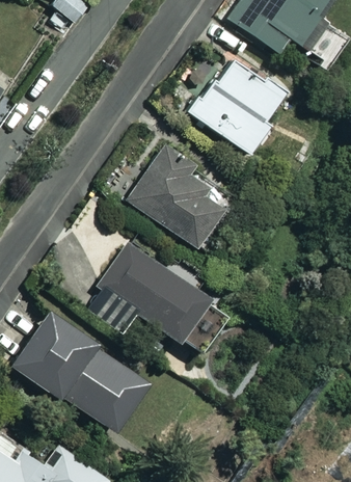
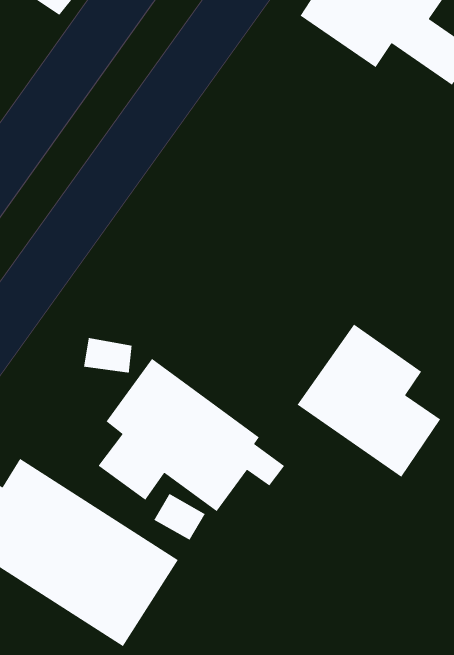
building: [187,55,286,154] -> none
building: [130,149,224,249] -> [297,324,441,478]

